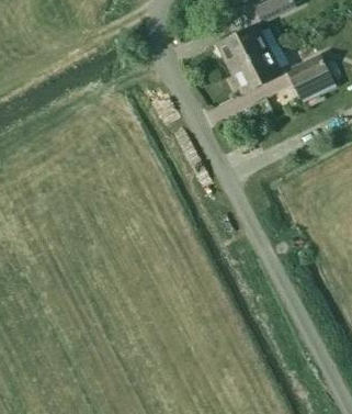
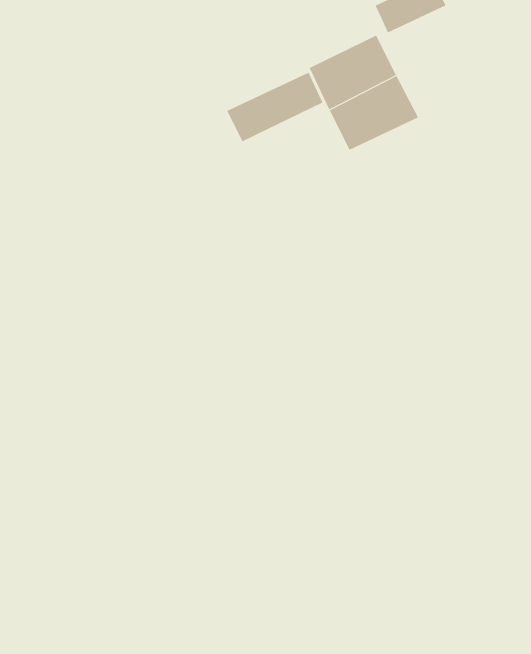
building: none -> [226,72,323,142]
building: [287,52,337,101] -> none

